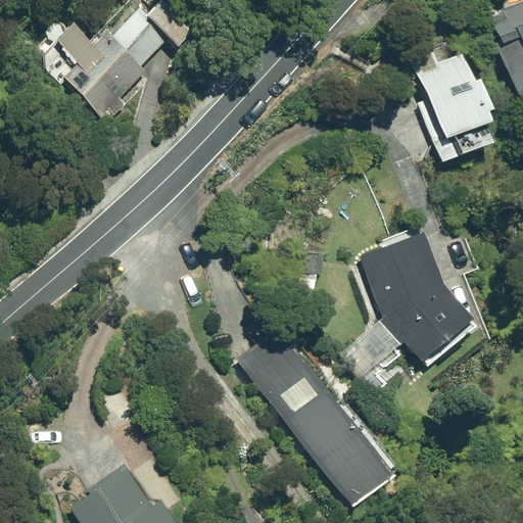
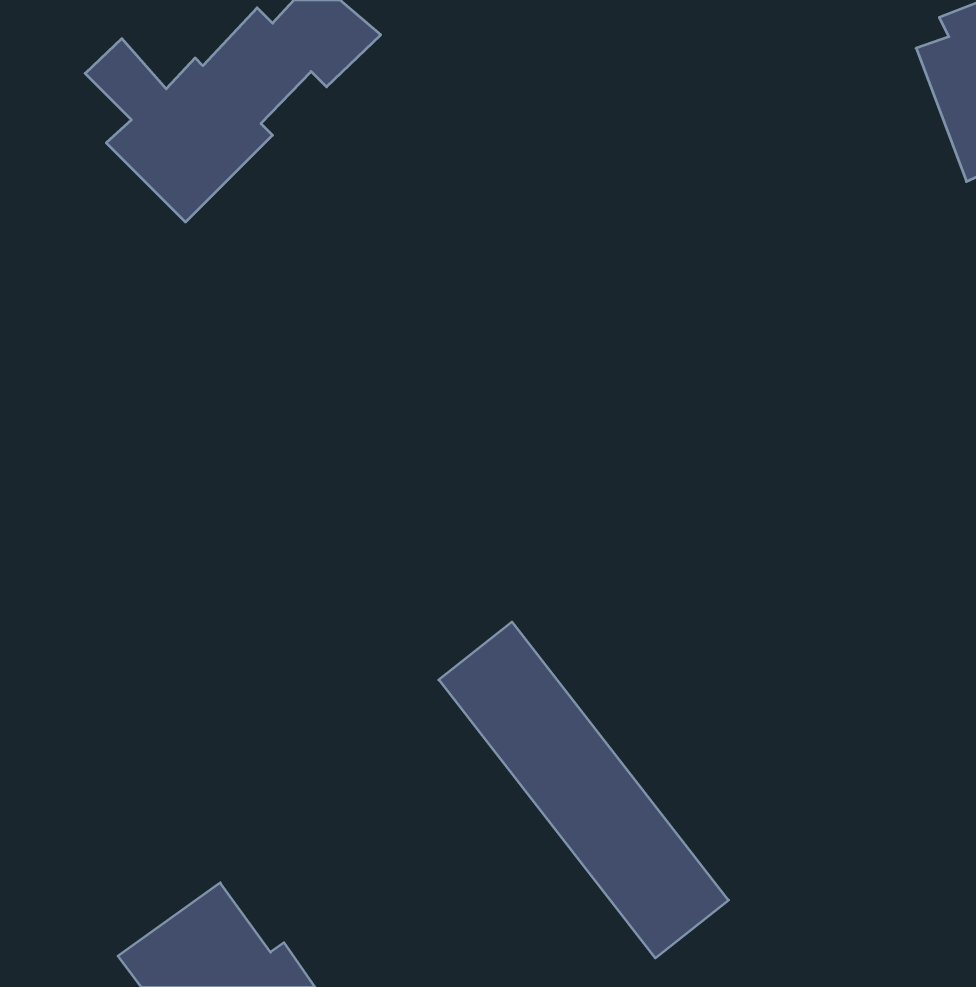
building: [421,54,491,140] -> none
building: [364,232,473,363] -> none

